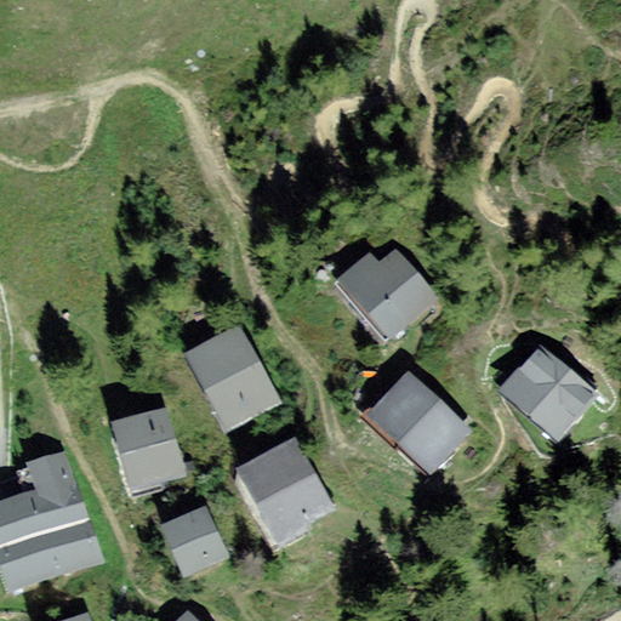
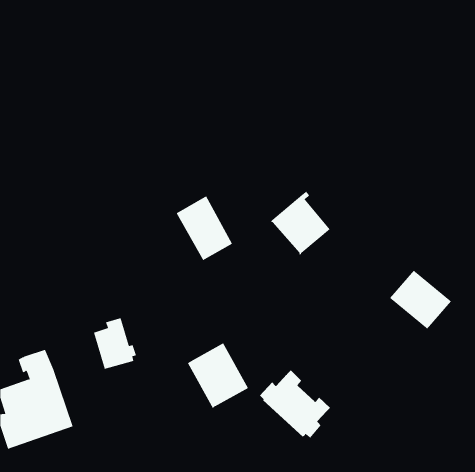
building: [194,334,268,418] -> [176,196,233,261]
building: [371,375,465,465] -> [259,370,331,438]
building: [169,513,220,565] -> none

